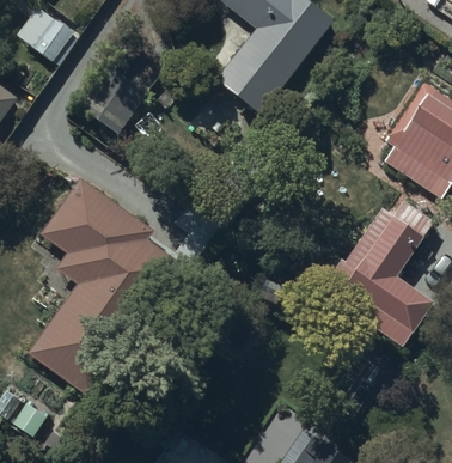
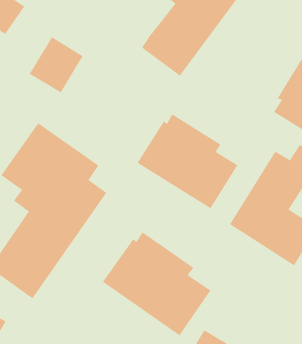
building: none -> [137,113,238,209]
building: none -> [102,231,211,336]

